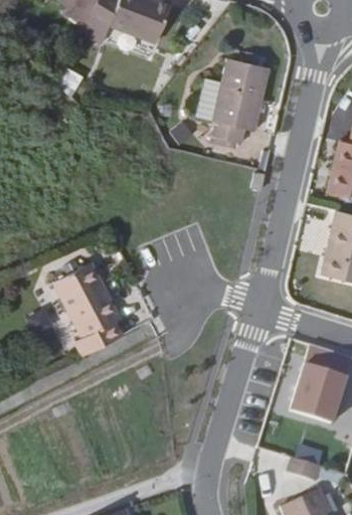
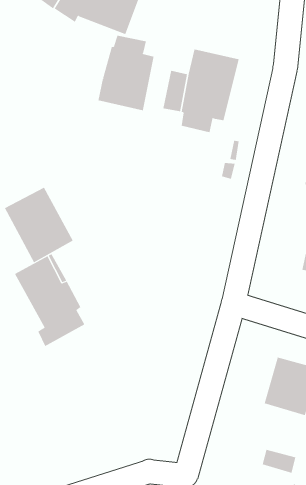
building: none -> [98,35,154,111]
building: none -> [4,187,74,263]

